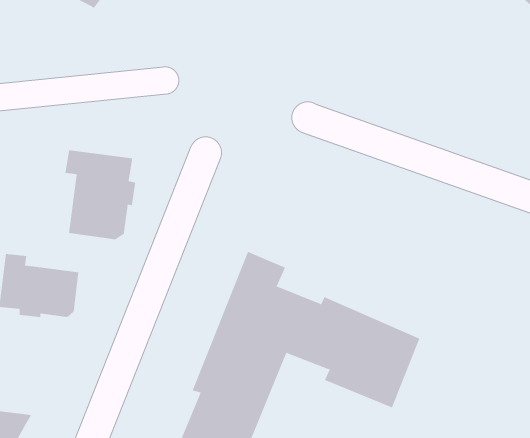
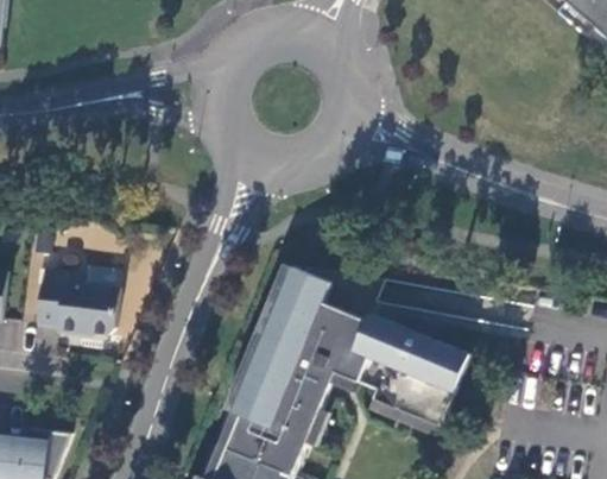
building: [65,149,136,240] -> none

